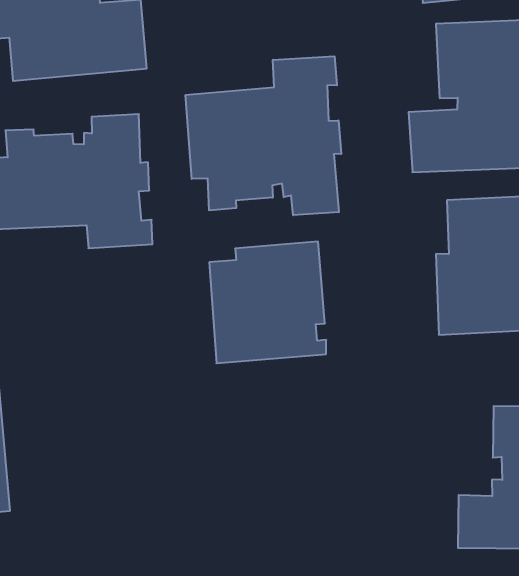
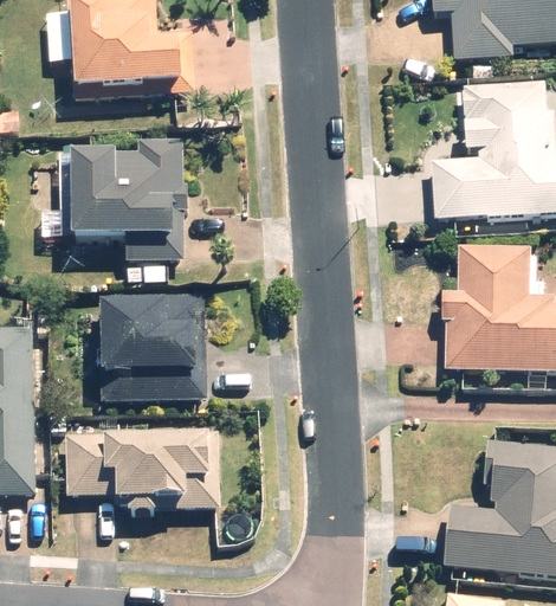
building: [186,56,341,215] -> none
building: [209,242,326,363] -> [105,295,208,399]
building: none -> [66,434,219,507]

